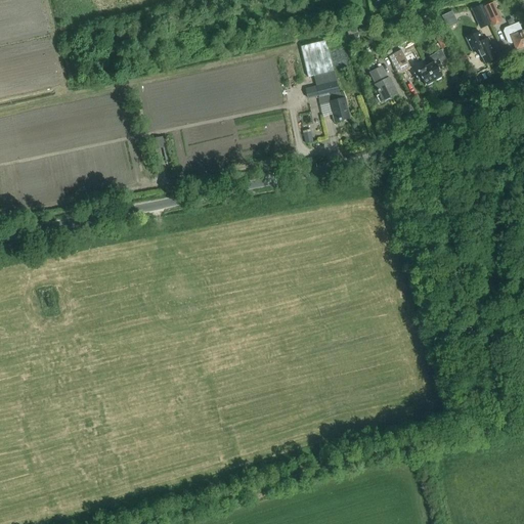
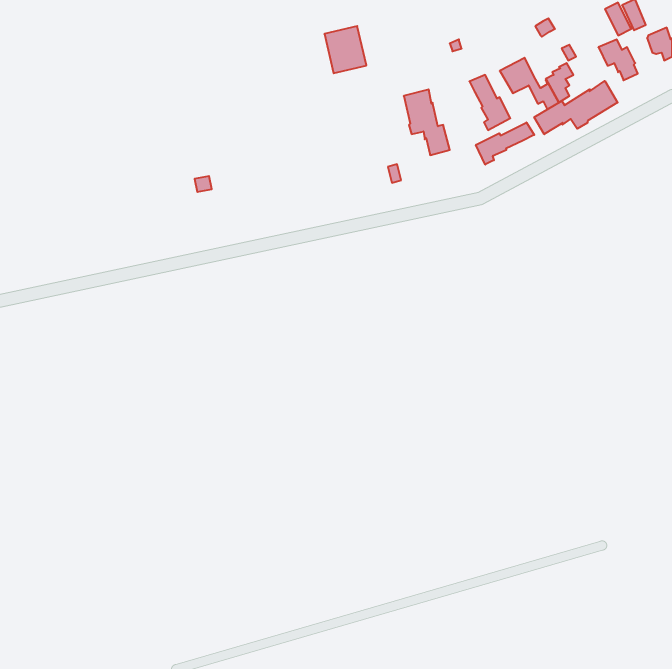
building: [301,39,334,76] -> [324,26,366,73]
building: none -> [534,81,618,134]
building: none -> [476,122,534,165]

